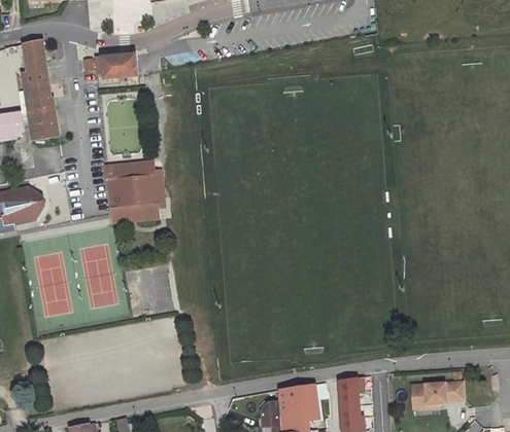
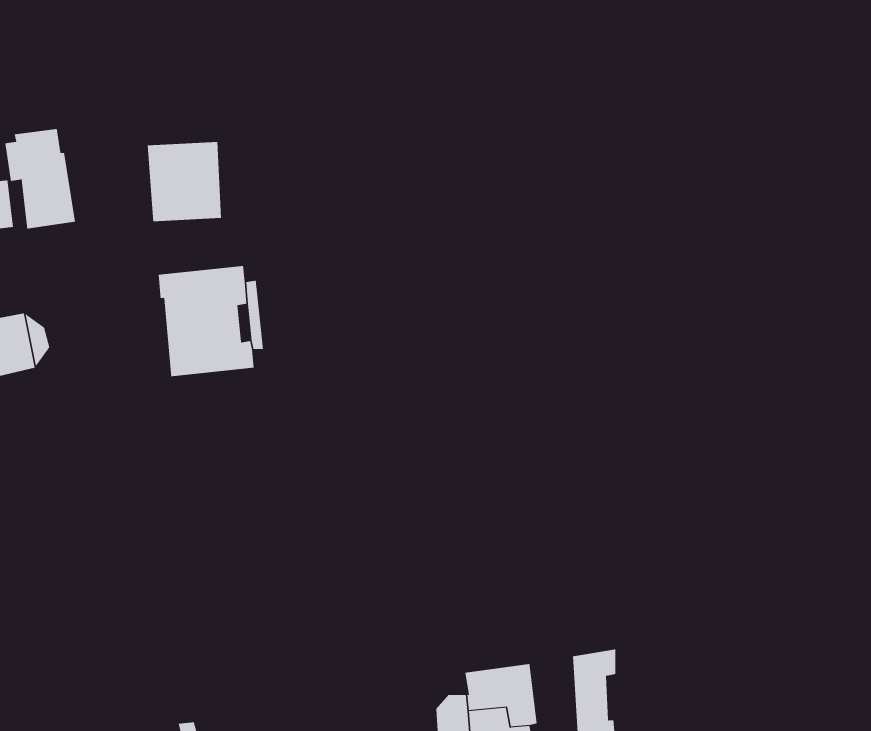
building: [21,40,47,86] -> none
building: [94,53,136,79] -> none
building: [30,145,60,174] -> none
building: [410,382,464,403] -> none

